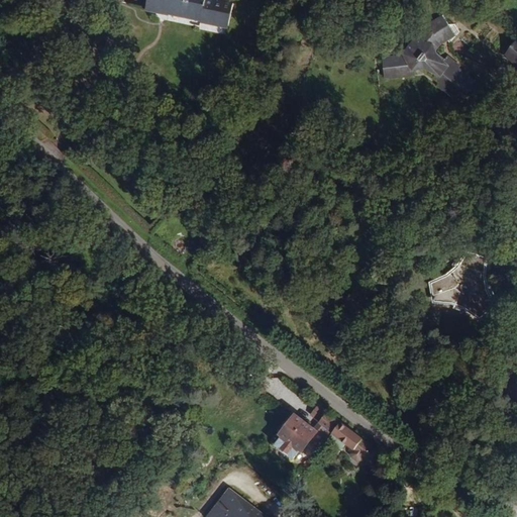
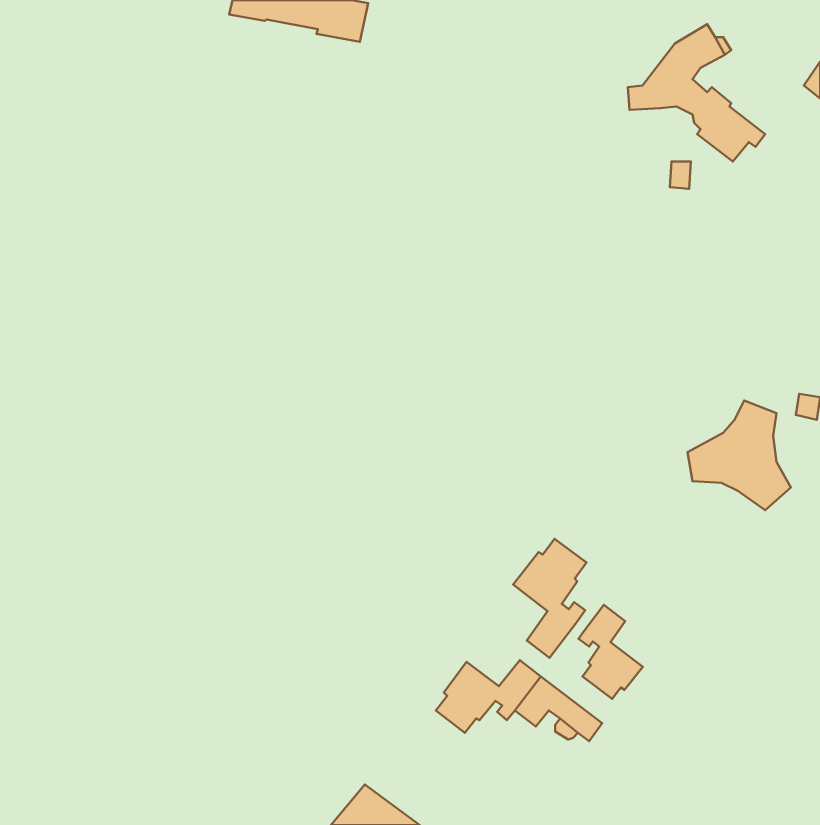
building: [380,55,414,79] -> none
building: none -> [513,539,587,658]
building: none -> [579,605,643,699]

